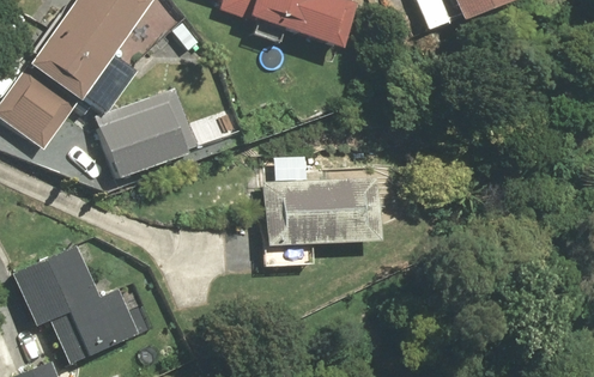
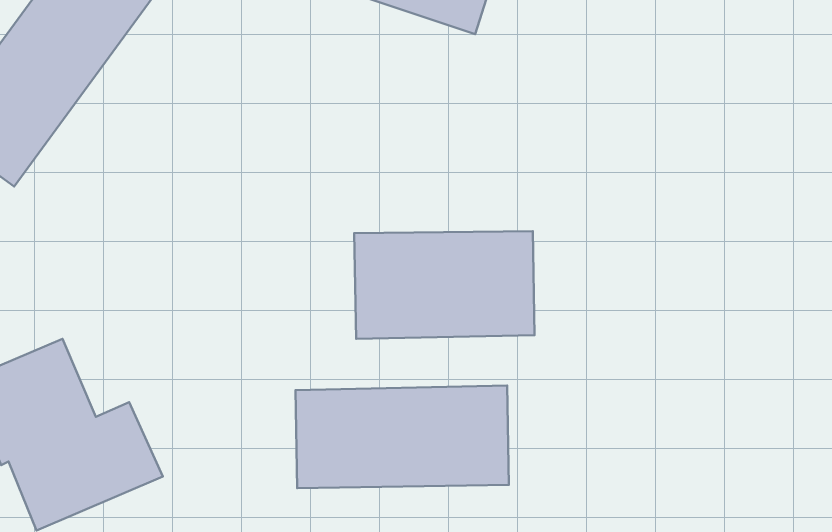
building: [96,86,201,176] -> none
building: none -> [295,385,509,488]

